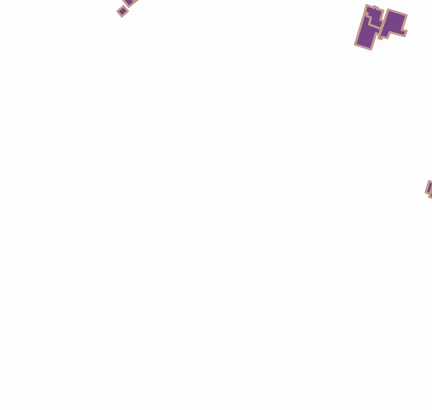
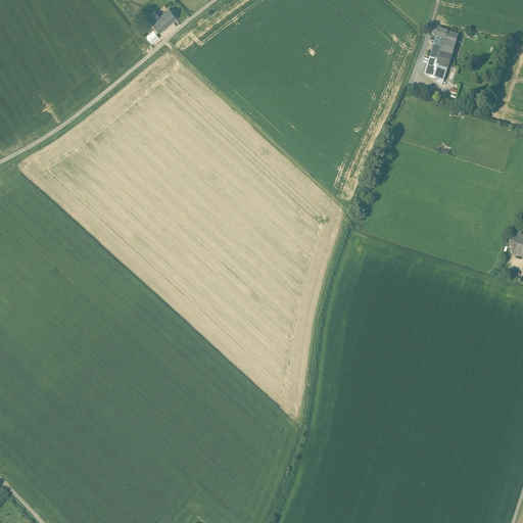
building: [378,9,407,39] -> none

